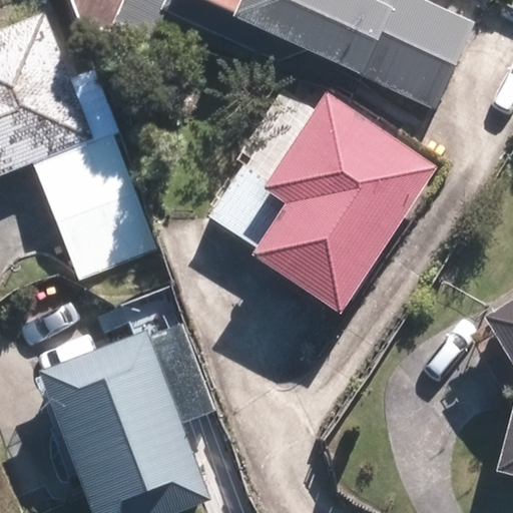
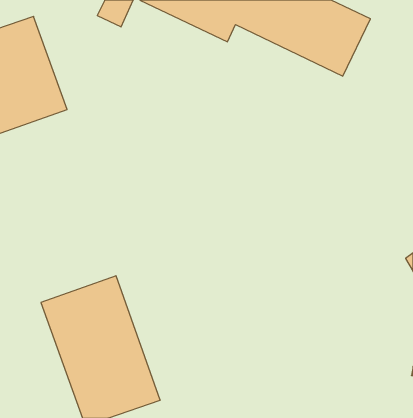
building: [261,105,423,299] -> none
building: [46,151,144,268] -> none

